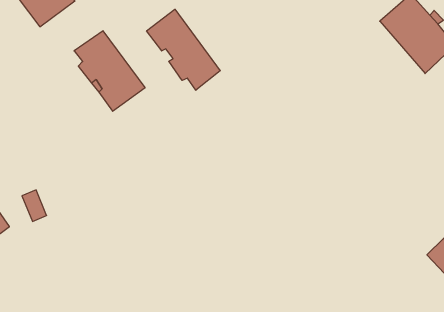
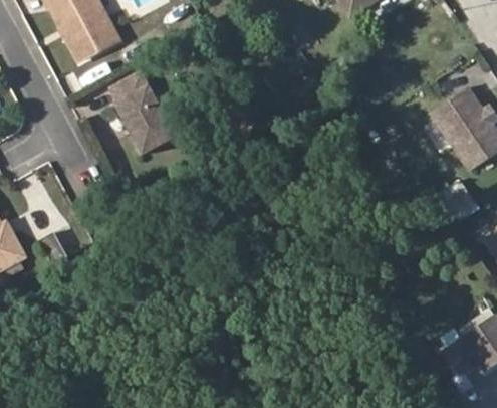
building: [147,9,220,90] -> none

